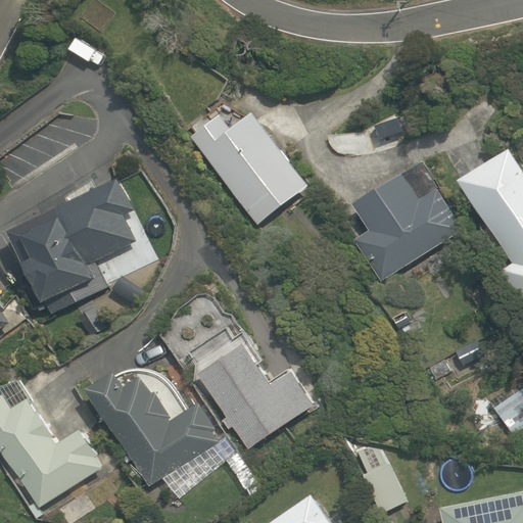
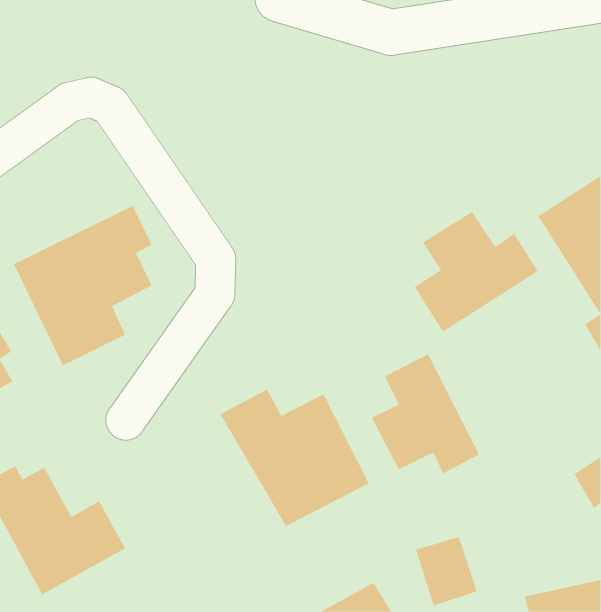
building: [193,112,316,230] -> none
building: none -> [371,354,480,474]
building: [91,375,225,487] -> none

